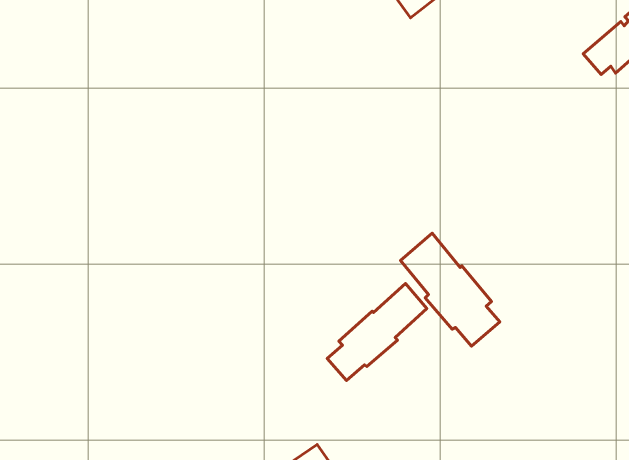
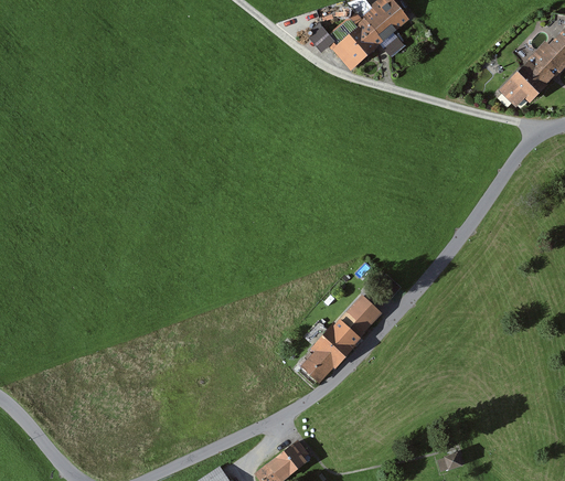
building: [401,233,500,346] -> none

